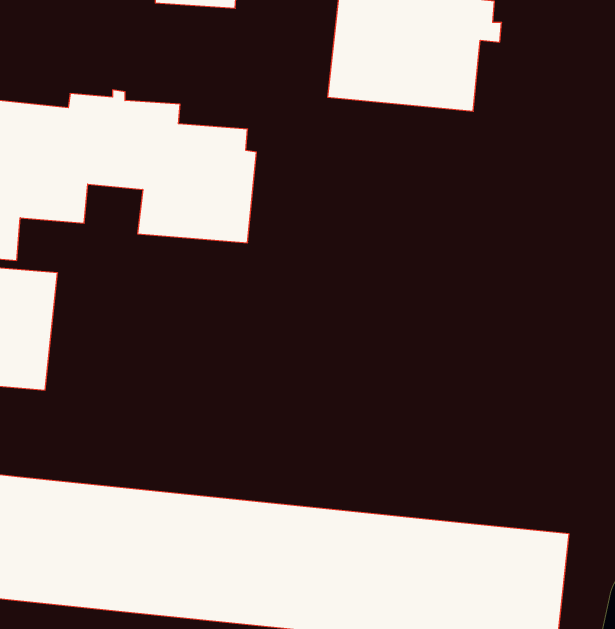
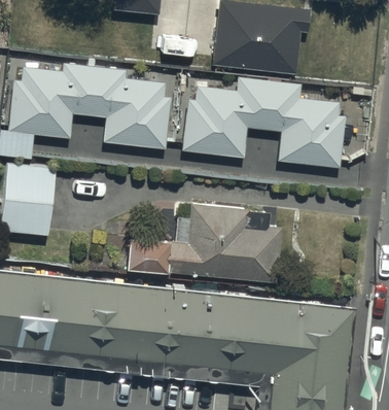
building: none -> [181,76,345,168]
building: none -> [128,201,280,279]

